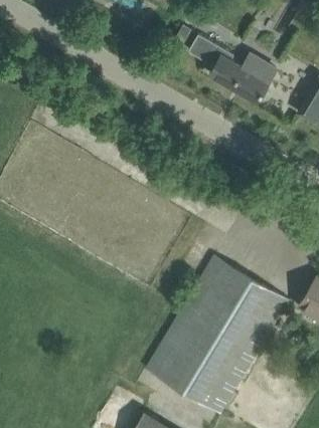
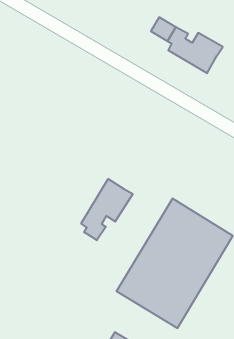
building: none -> [81,179,133,240]

